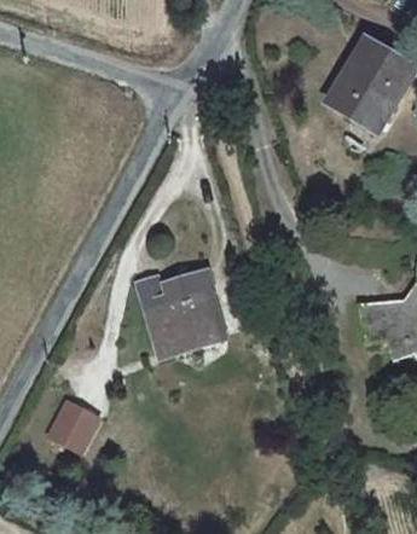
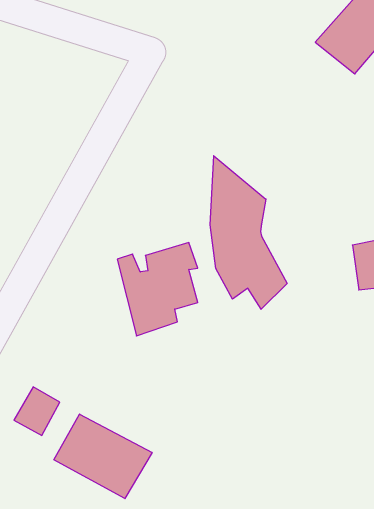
building: none -> [210,156,287,309]
building: none -> [54,414,152,499]

